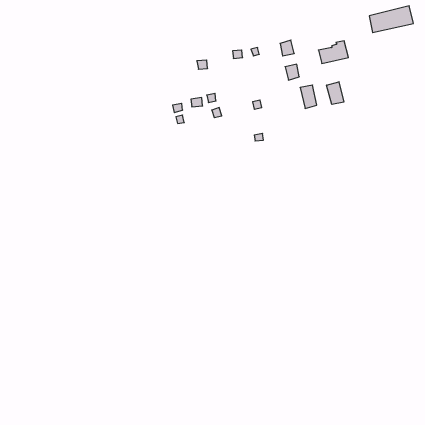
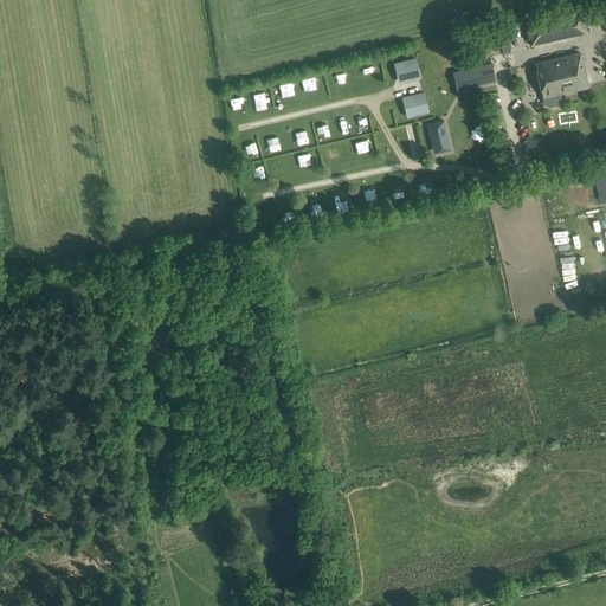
building: none -> [534,53,588,99]
building: [327,82,344,104] -> none

